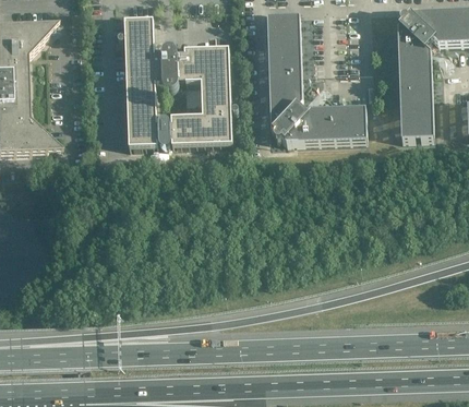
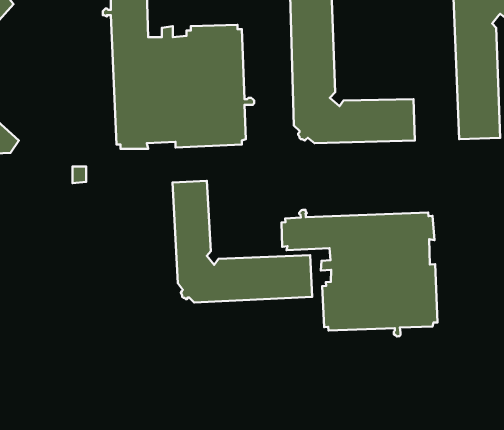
building: none -> [173,181,312,303]
building: none -> [282,210,437,336]

